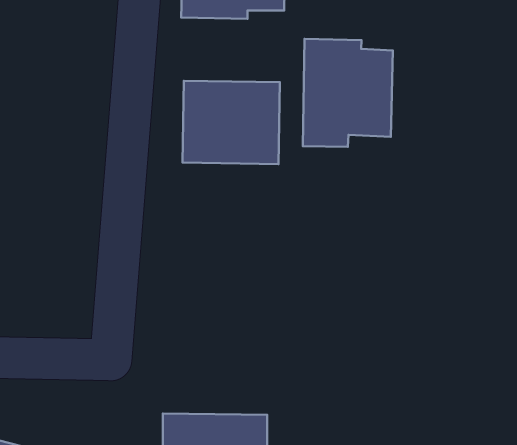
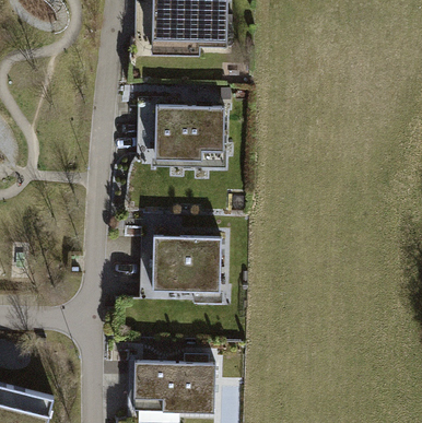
building: [303,39,393,147] -> none
building: none -> [146,234,225,296]

